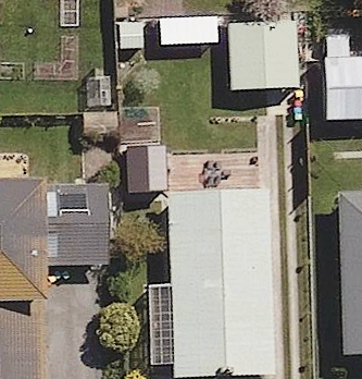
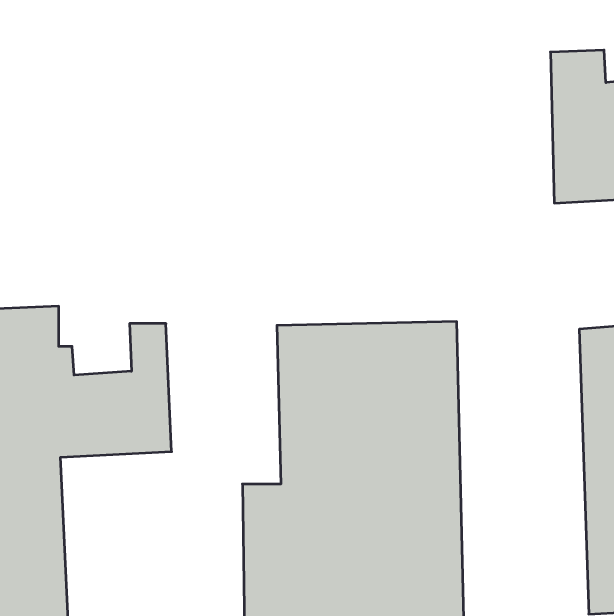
building: [223,19,302,90] -> none

